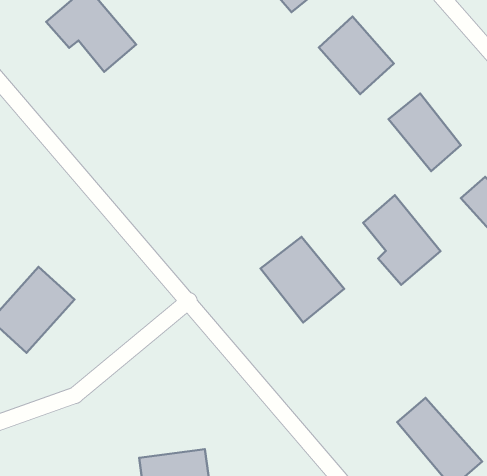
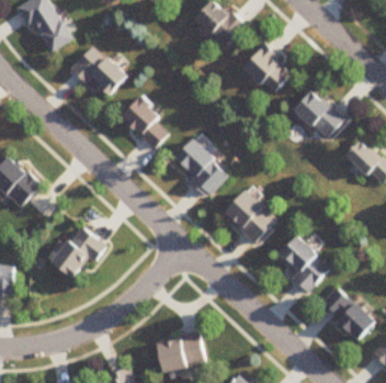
building: none -> [120,94,167,149]
building: none -> [171,138,229,196]
building: [363,195,441,285] -> [277,236,329,293]

